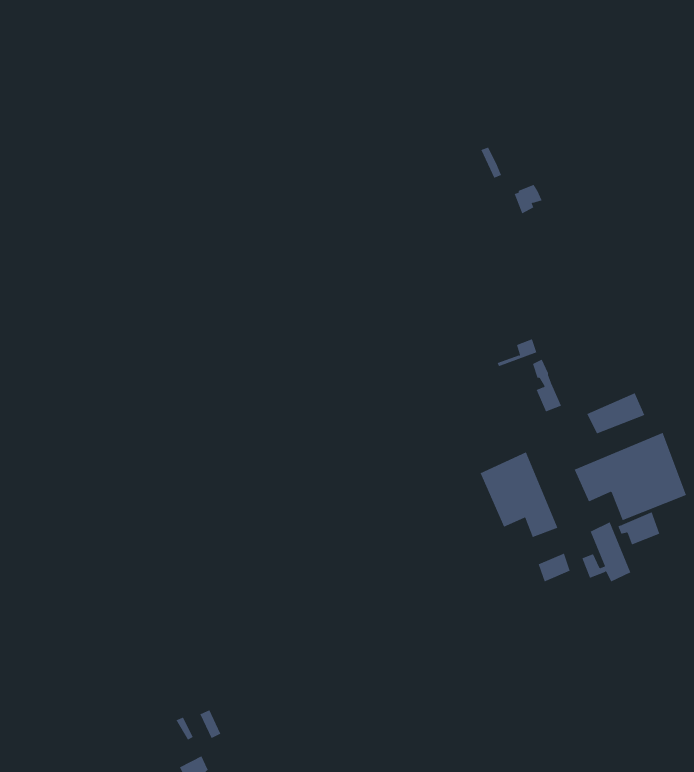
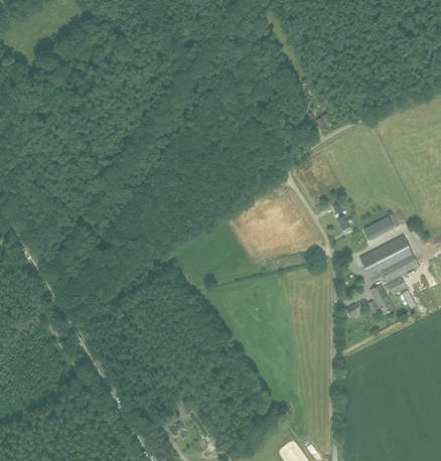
building: [480,452,558,538] -> none

